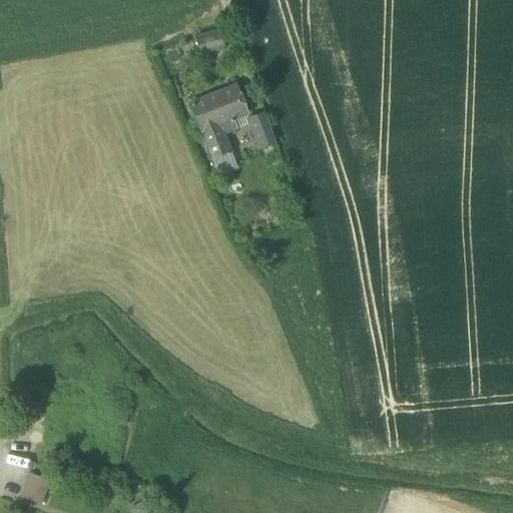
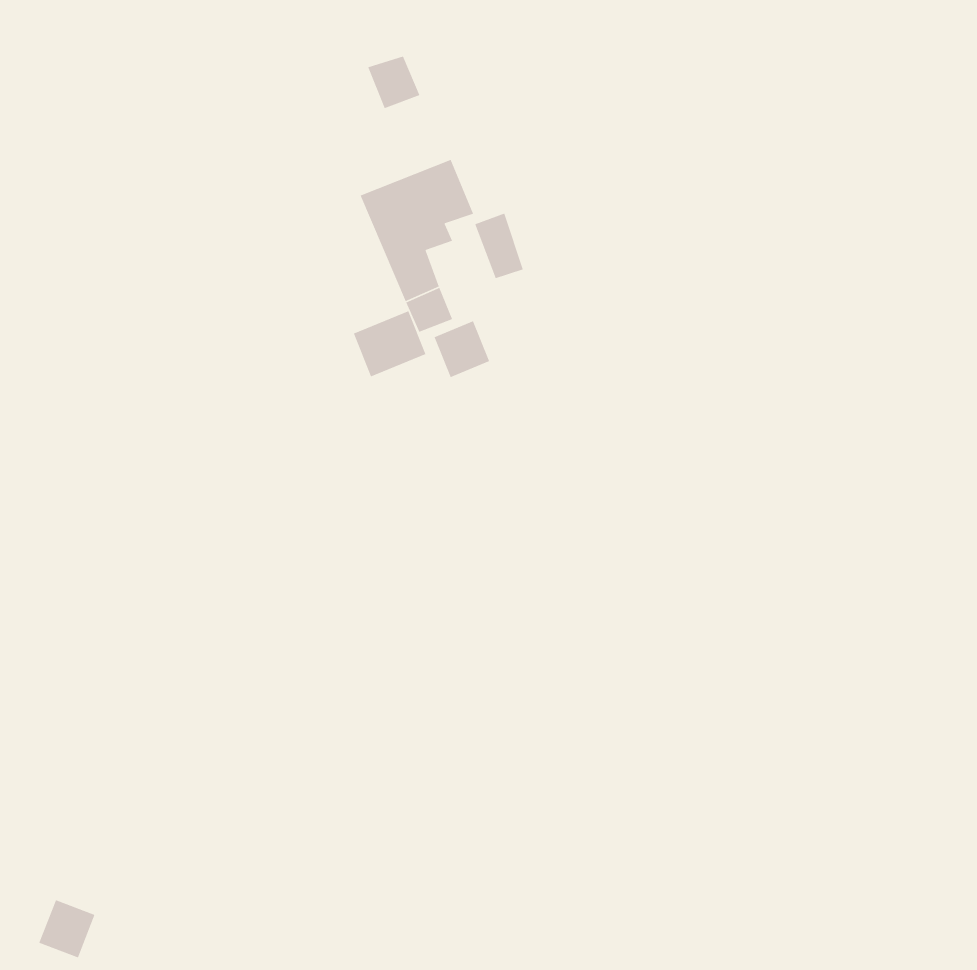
building: none -> [353,310,426,377]
building: none -> [433,320,490,378]

